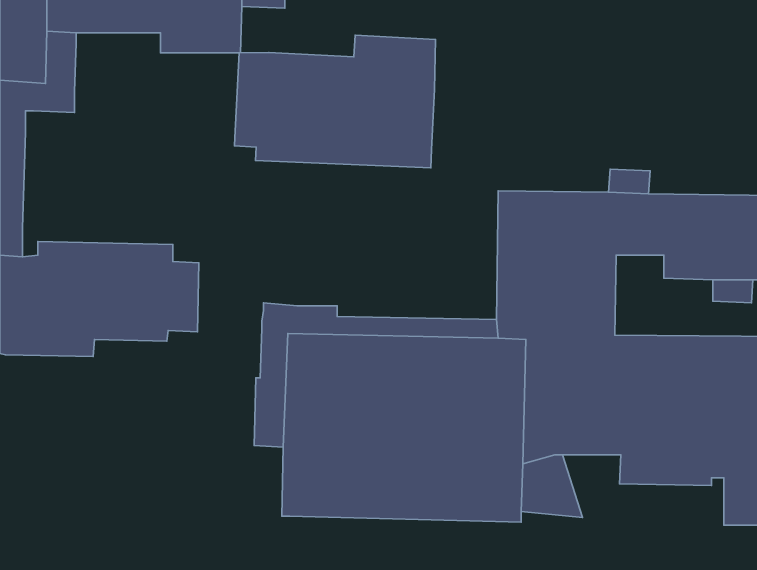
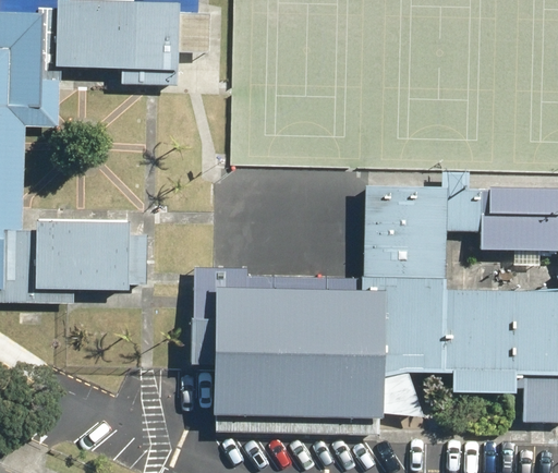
building: [235,35,436,168] -> none

